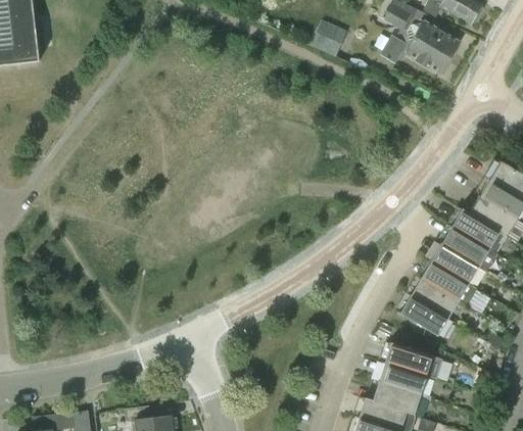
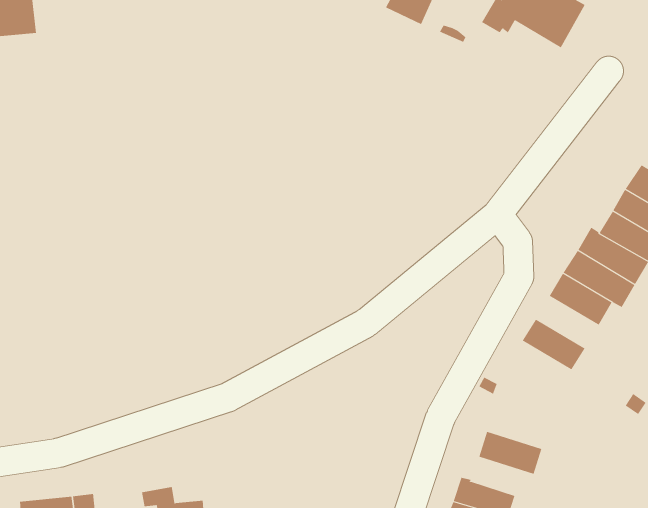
building: [421,261,477,306] -> none
building: [400,295,448,336] -> none
building: [384,343,432,377] -> none
building: [372,383,420,415] -> none

